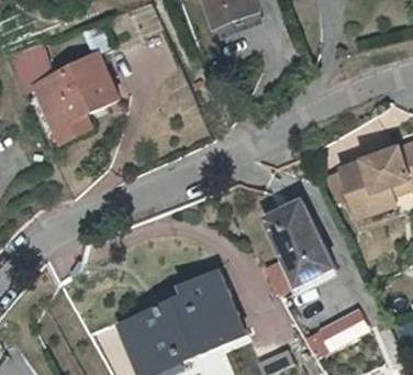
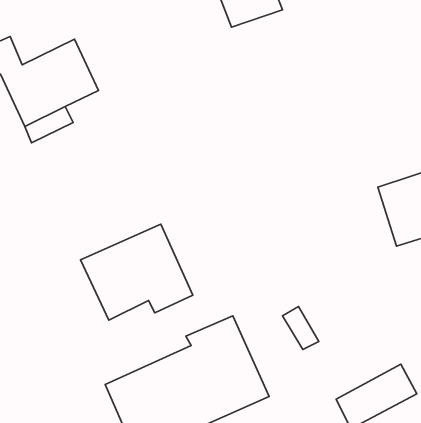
building: none -> [80,224,193,320]
building: [270,202,338,287] -> none

